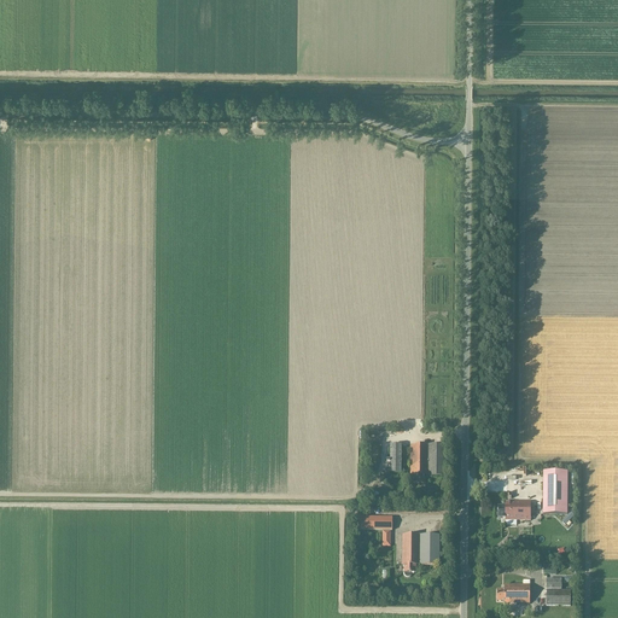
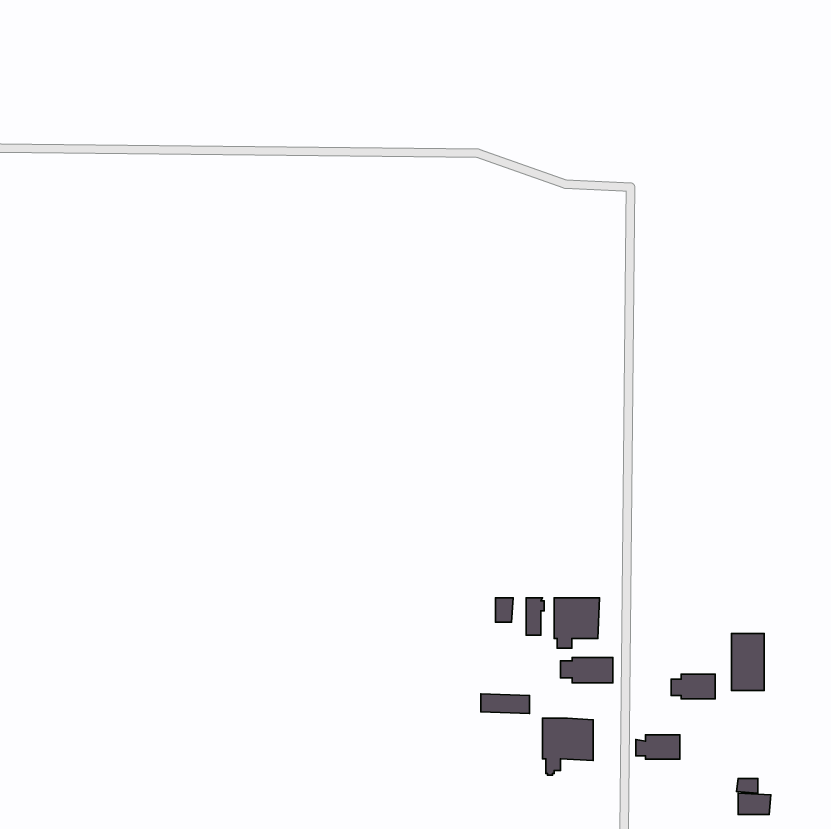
building: none -> [560,657,613,683]
building: [499,583,531,601] -> [636,735,680,759]

